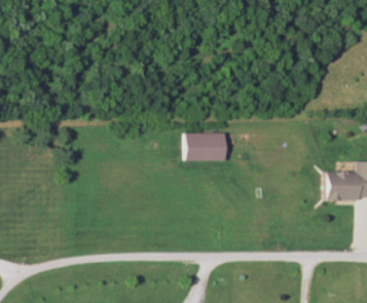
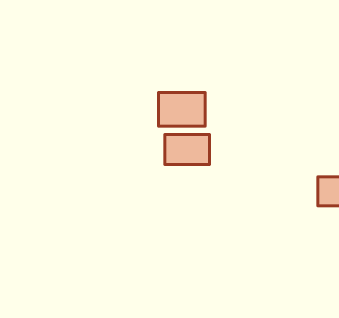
building: none -> [158,93,205,126]

